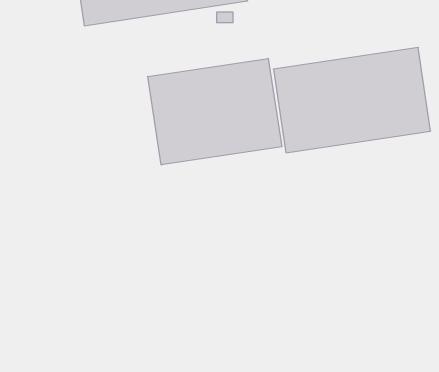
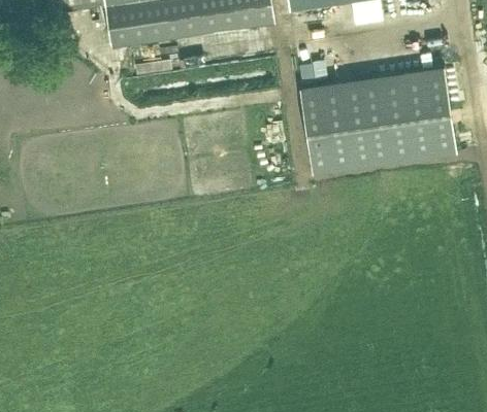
building: [148,58,282,165] -> none

